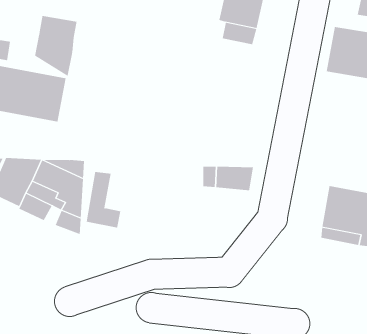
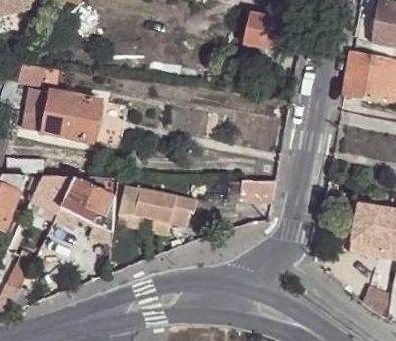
building: [35,15,77,77] -> none
building: none -> [137,188,199,242]

